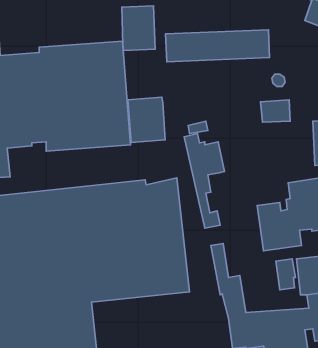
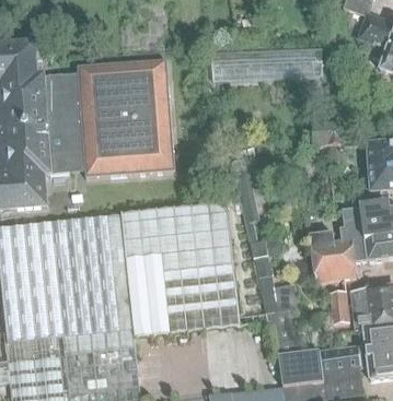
building: [122,6,155,50] -> none
building: [128,97,165,142] -> none

